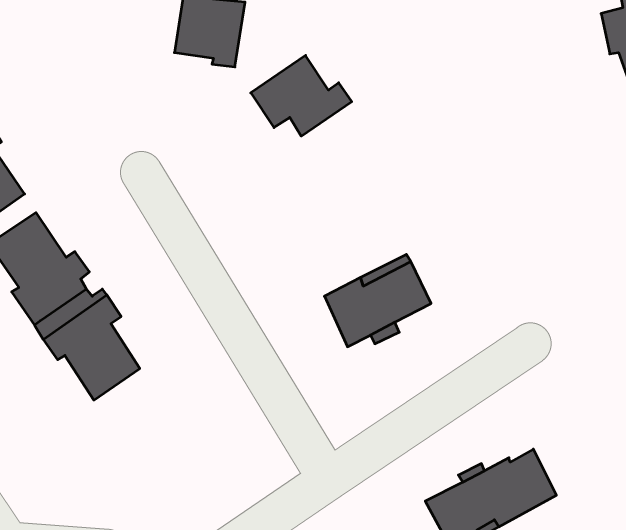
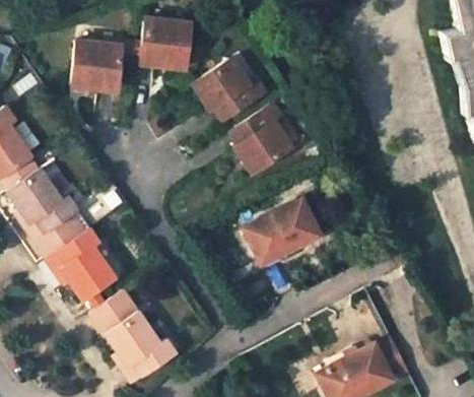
building: none -> [70,43,120,89]
building: none -> [234,105,290,173]
building: none -> [90,290,177,384]

